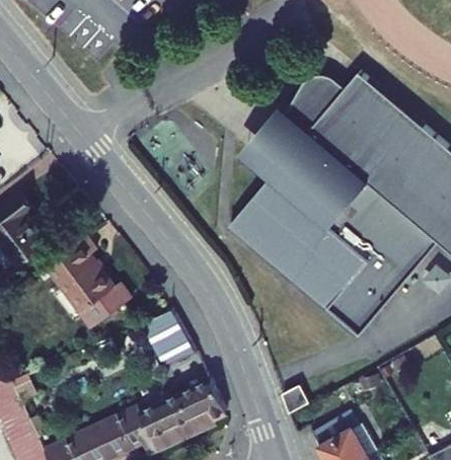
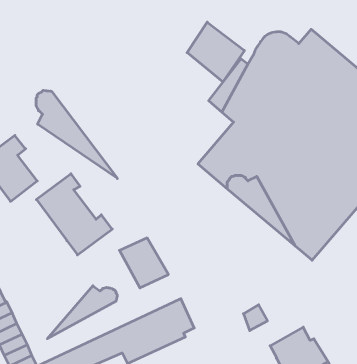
building: none -> [187,22,244,82]
building: none -> [36,90,117,179]
building: none -> [47,286,117,339]

